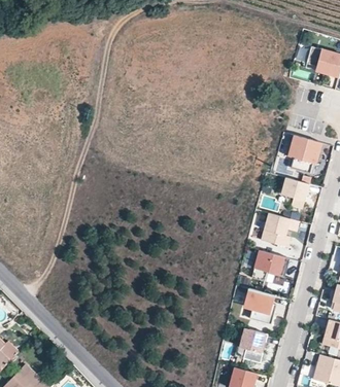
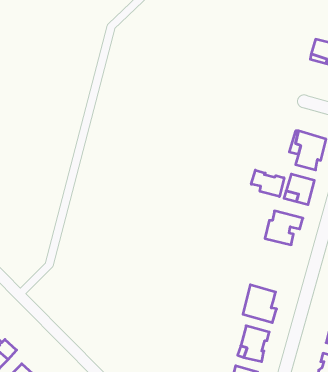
building: none -> [251,170,284,197]
building: [251,251,290,282] -> none

